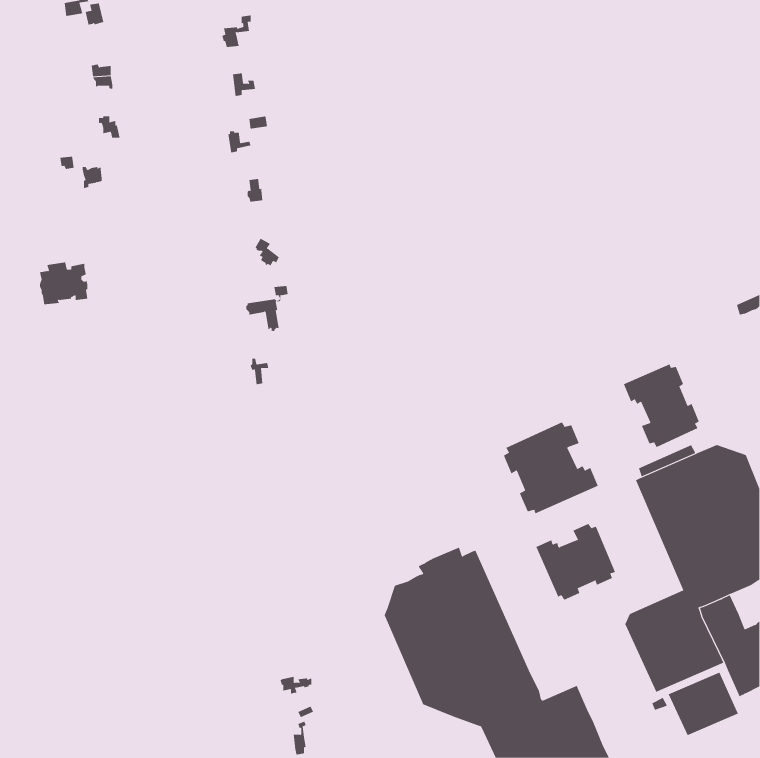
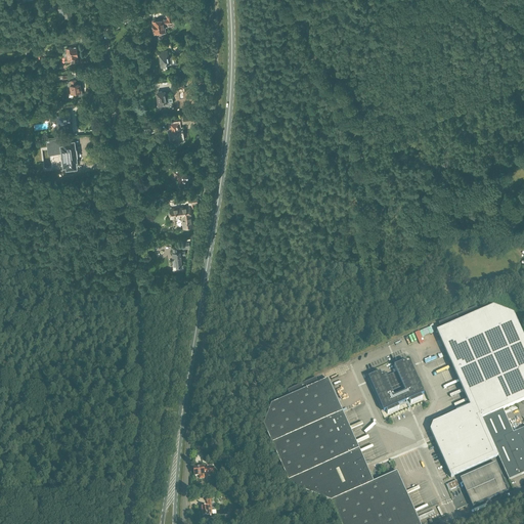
building: [39,262,88,305] -> [42,139,76,169]
building: [623,364,700,448] -> none
building: [503,421,599,514] -> none

